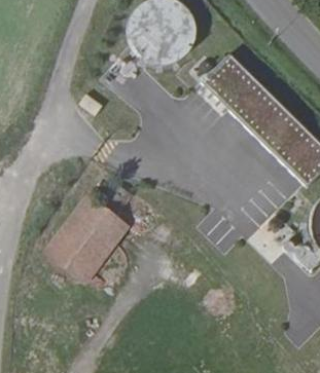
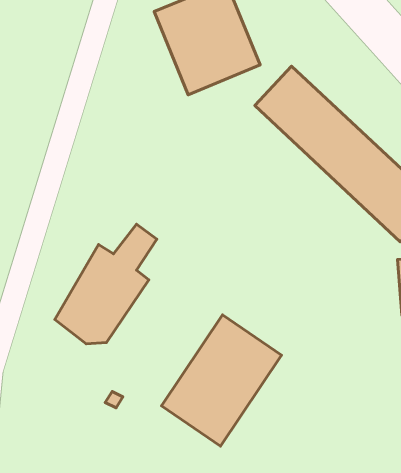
building: none -> [161,315,282,446]

